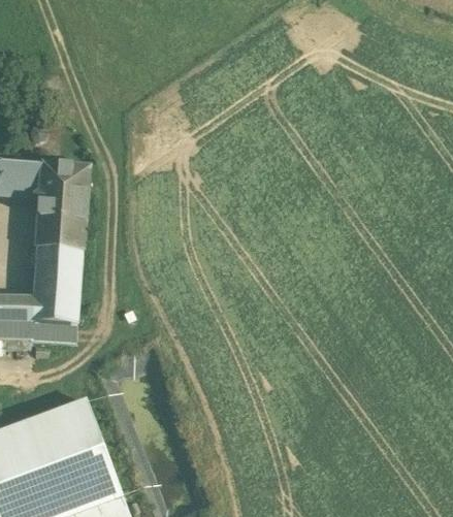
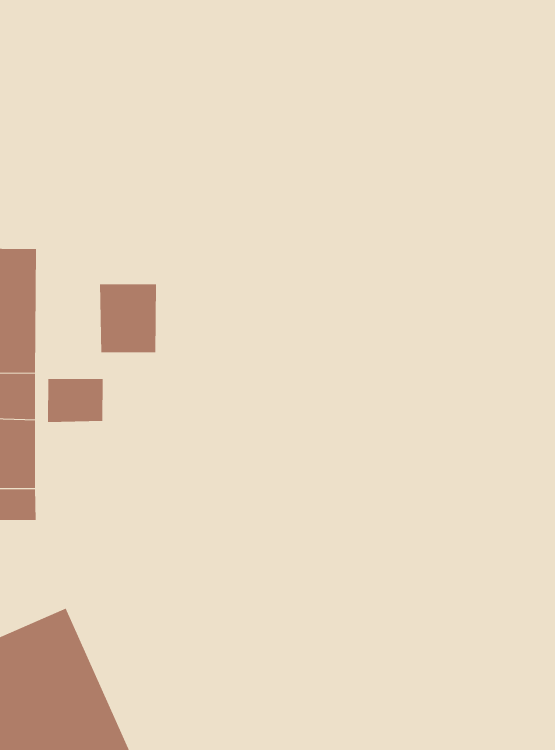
building: none -> [99,283,156,353]
building: none -> [47,378,103,423]

